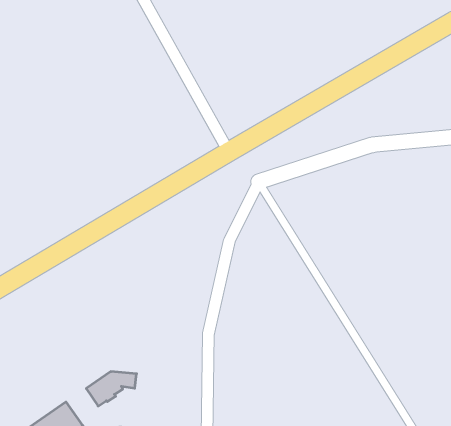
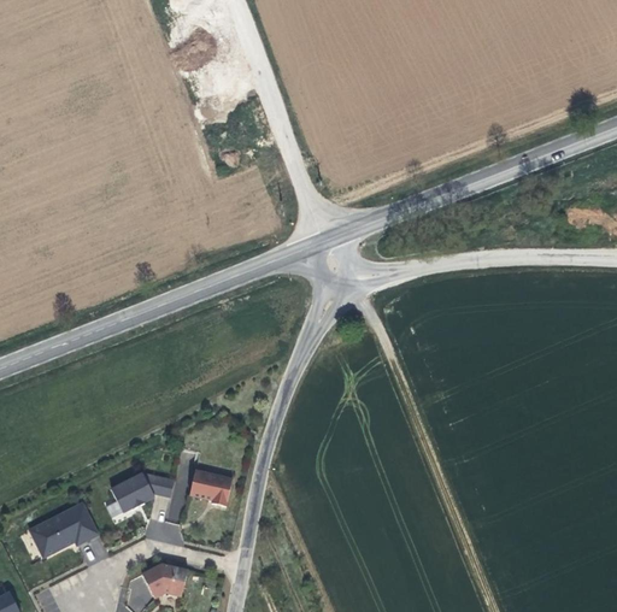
building: none -> [189,470,233,506]

